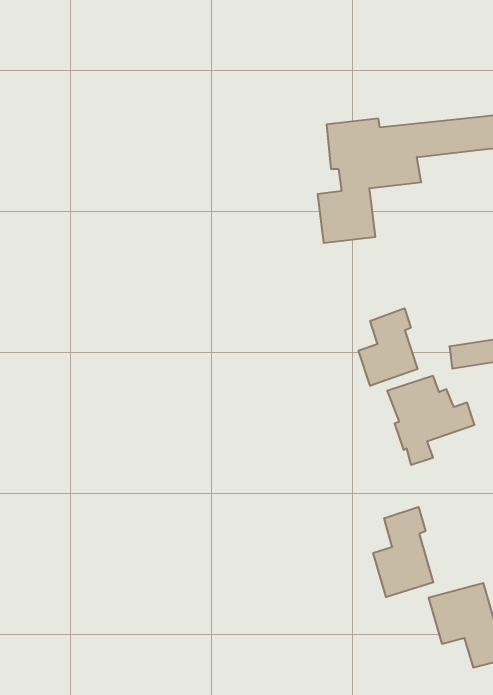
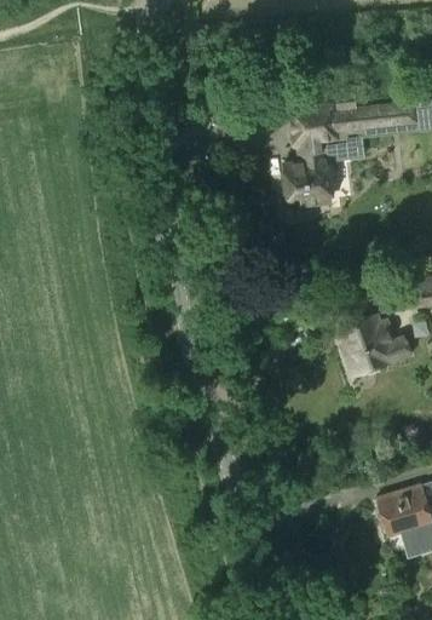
building: [359,308,417,386] -> none
building: [373,507,433,597] -> none

